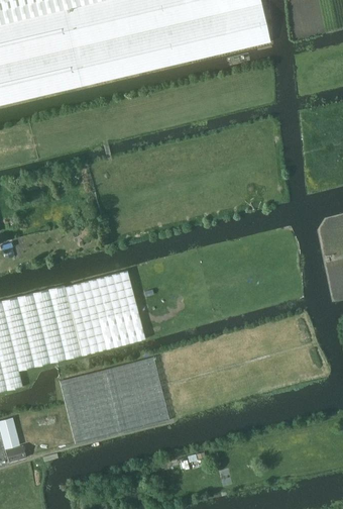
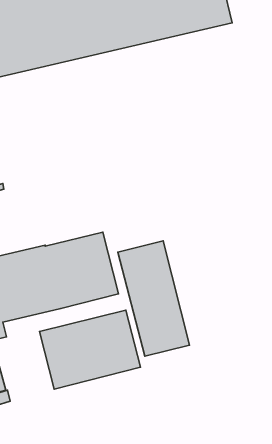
building: none -> [118,241,189,356]

